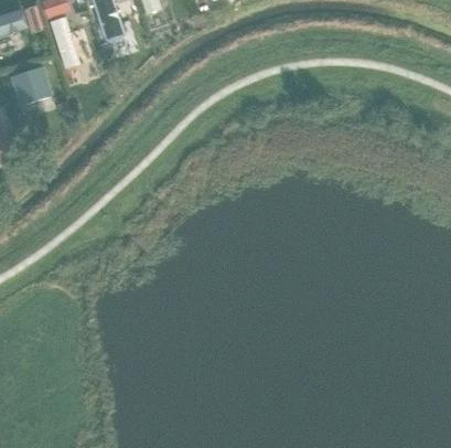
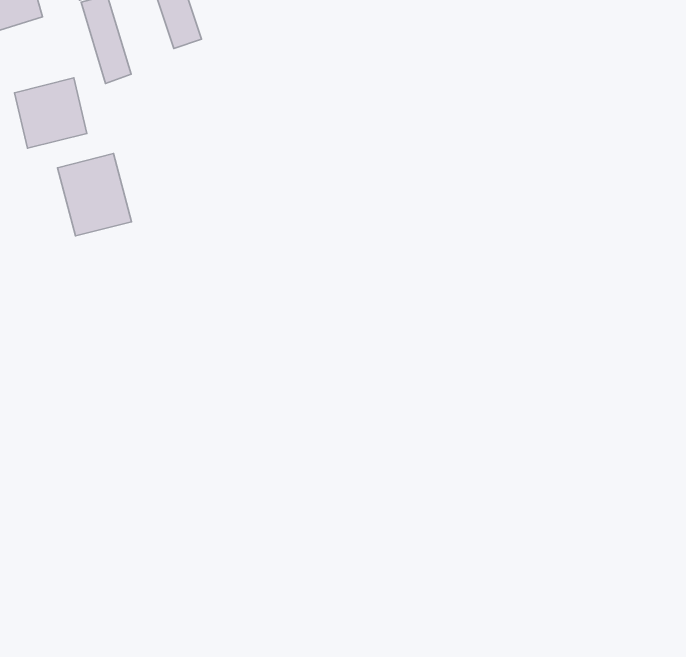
building: none -> [57,154,132,236]

